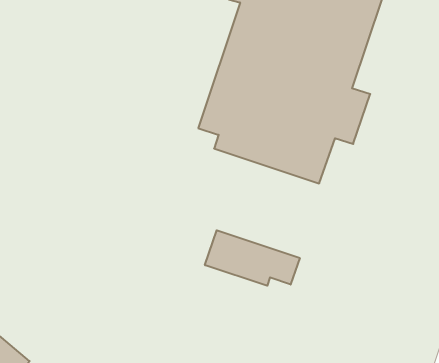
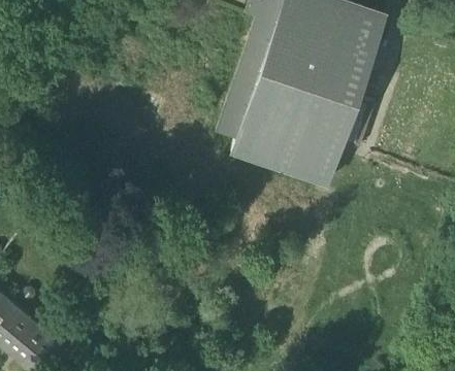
building: [205,230,300,286] -> none

